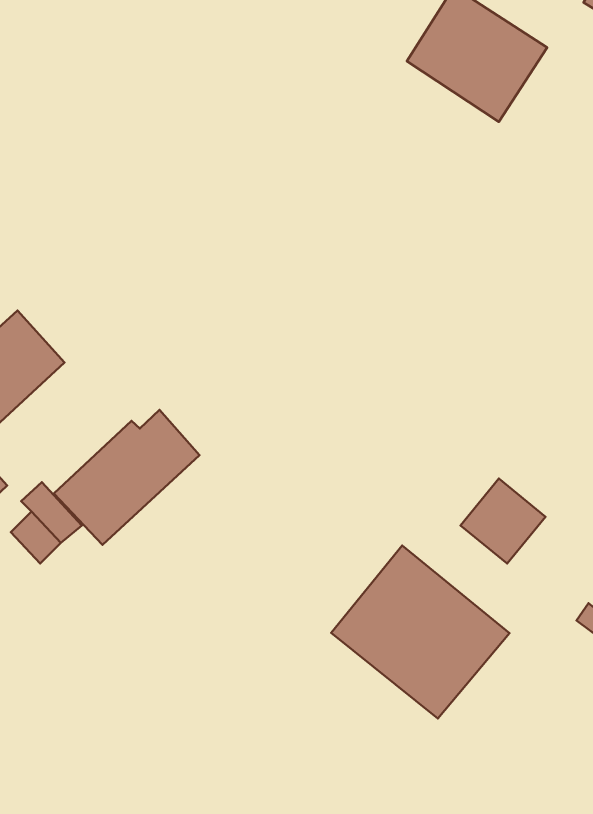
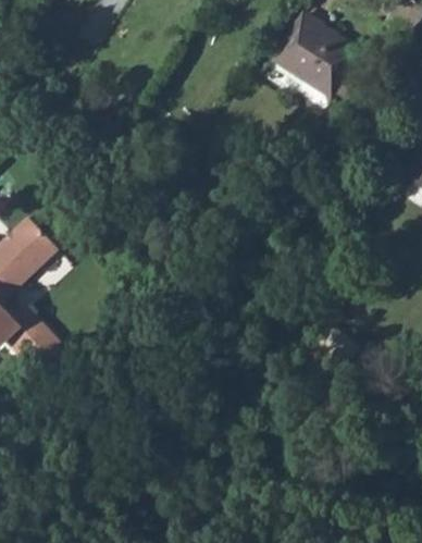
building: [54,410,200,545] -> none
building: [331,546,509,718] -> none

